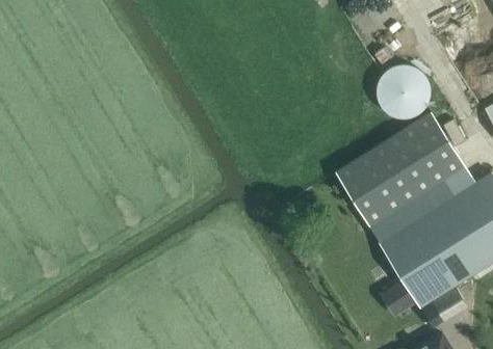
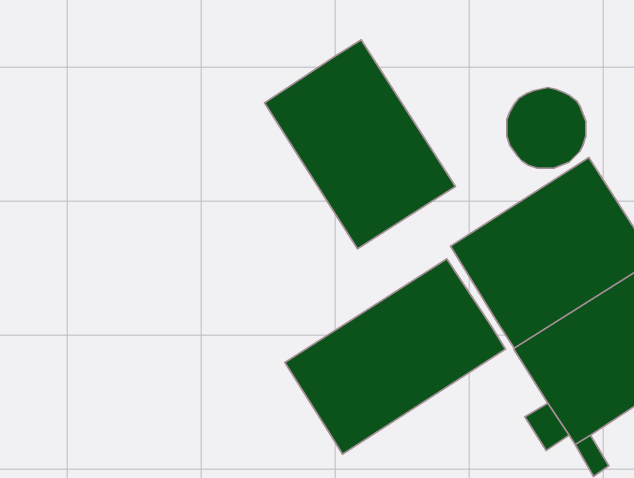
building: none -> [264,40,456,249]
building: none -> [285,259,506,454]

